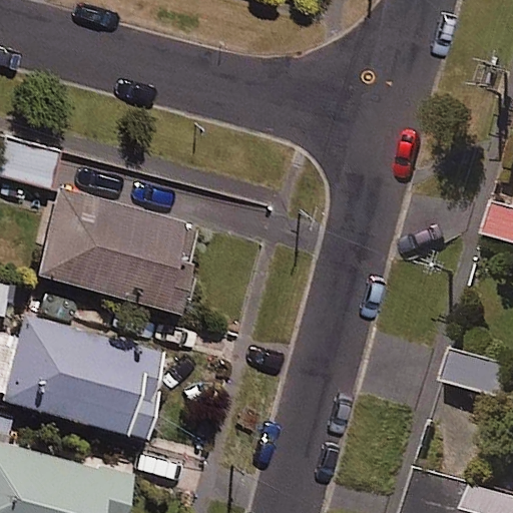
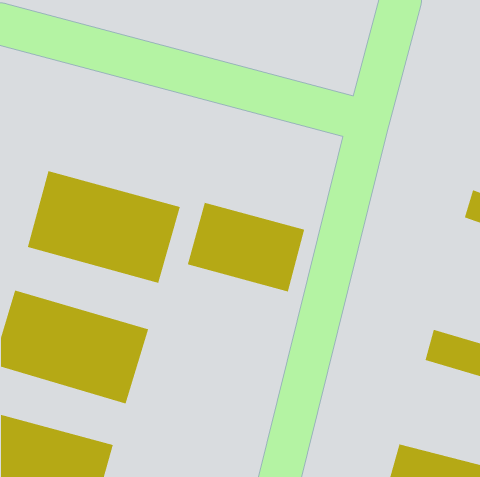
building: none -> [187,202,305,293]

